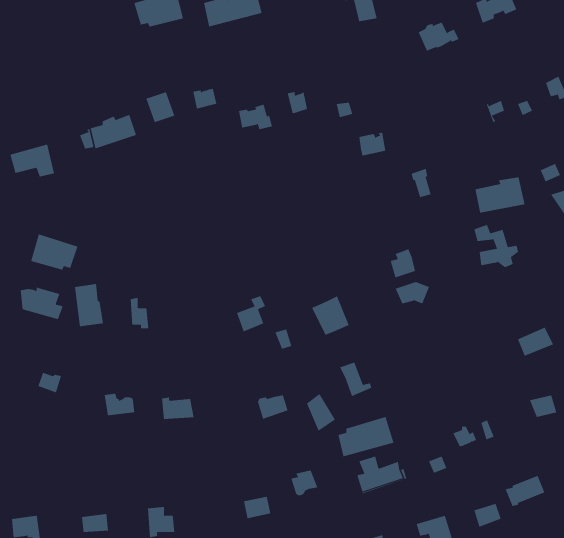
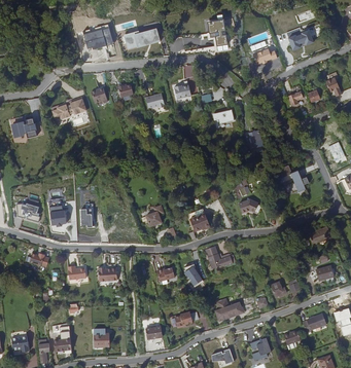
building: [475,177,525,214] -> none
building: [31,233,78,270] -> none
building: [338,416,394,457] -> none

